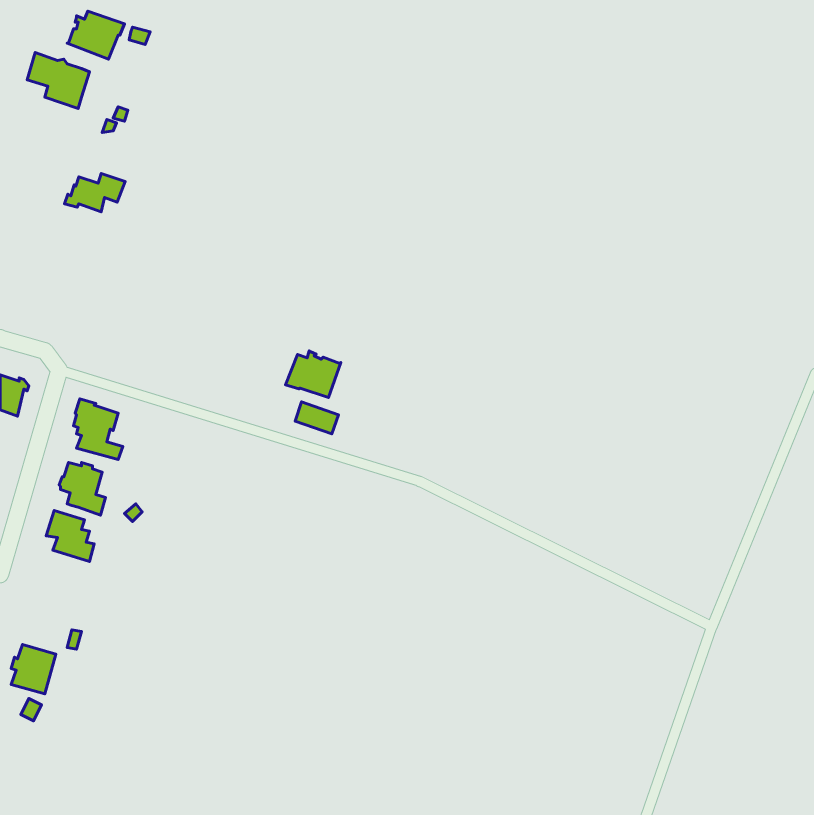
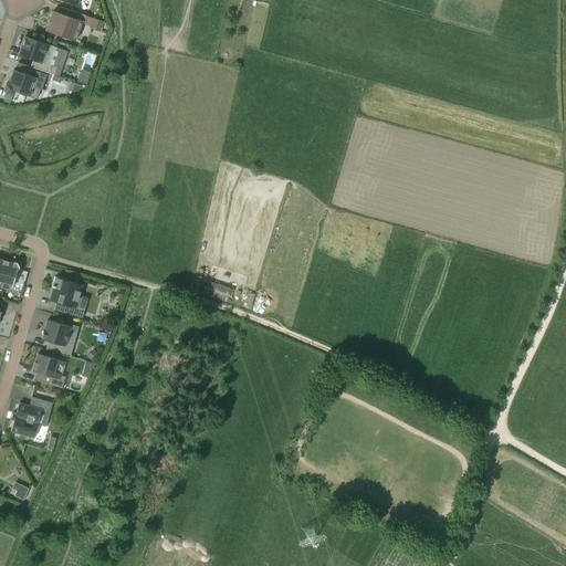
building: [65,174,125,212] -> [6,70,48,96]
building: [285,351,341,398] -> none
building: [11,644,56,694] -> [12,403,43,438]

